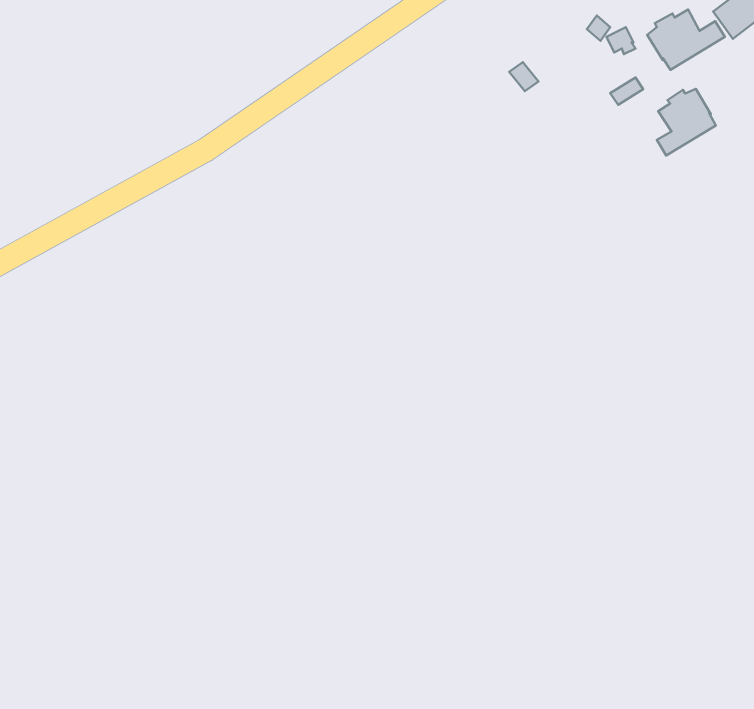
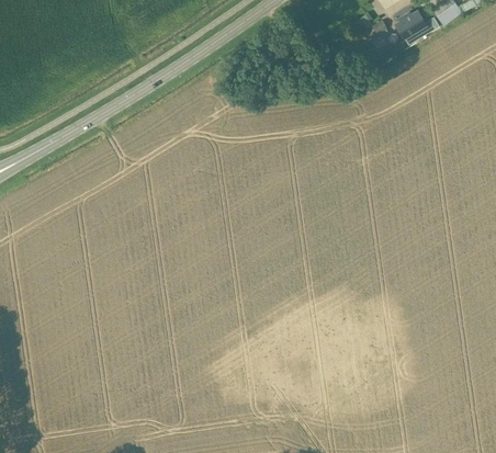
building: [657,89,716,156] -> none

